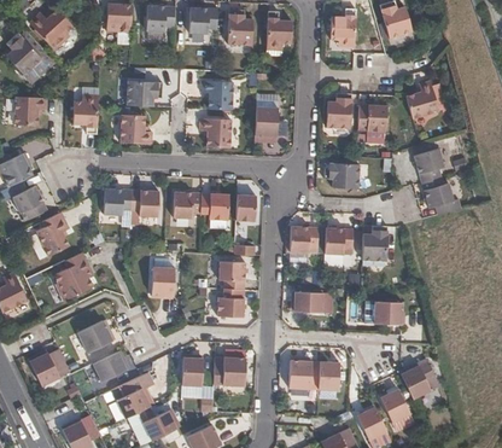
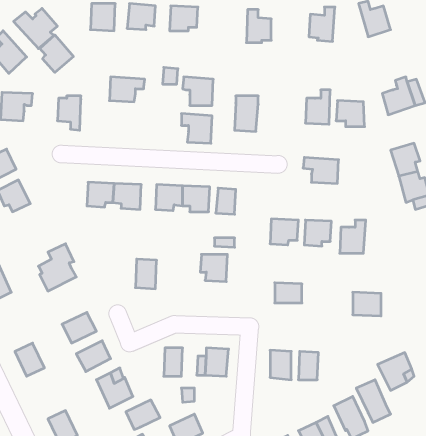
building: [227,8,252,45] -> none
building: none -> [40,35,73,72]
building: [121,114,152,144] -> none
building: [36,211,69,255] -> none
building: [218,287,246,315] -> none

